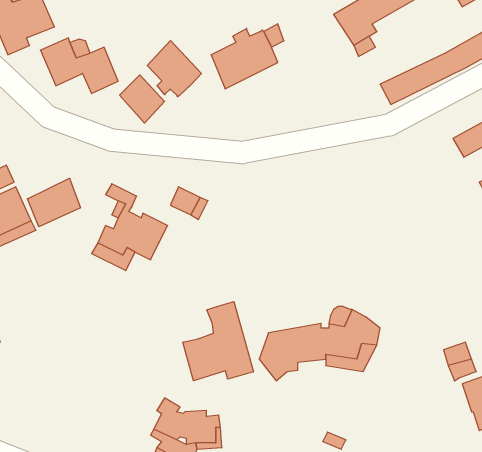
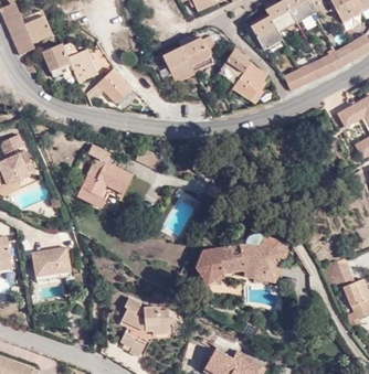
building: [147,41,201,97] -> none
building: none -> [218,49,265,103]
building: [27,178,80,227] -> none
building: [183,302,253,381] -> none
building: none -> [31,246,72,277]

